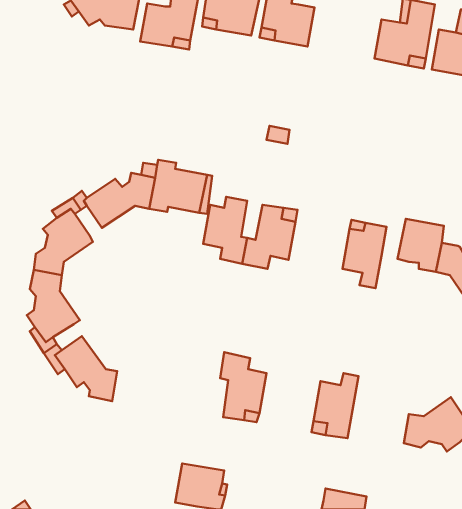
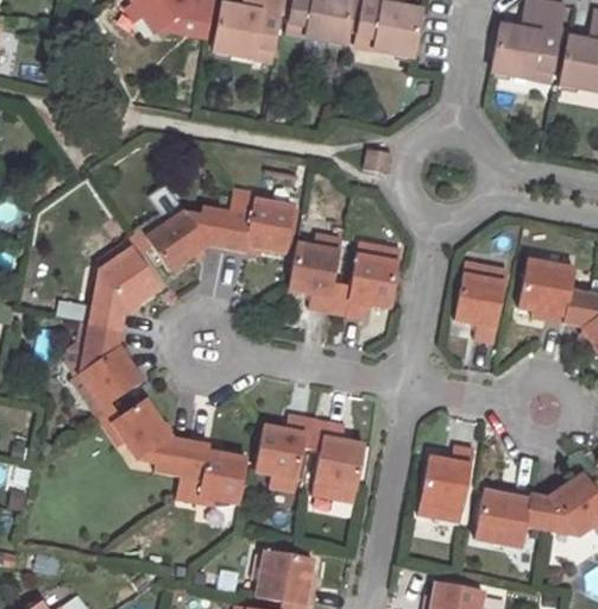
building: none -> [256,414,314,491]
building: none -> [176,441,246,504]
building: none -> [474,490,533,547]

